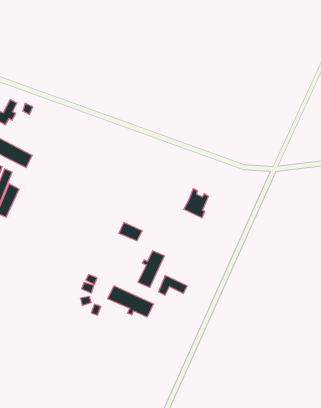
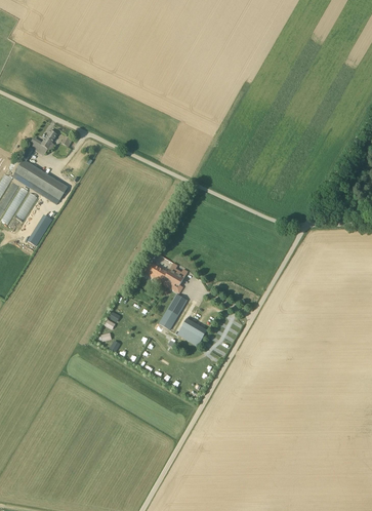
building: [184,189,208,218] -> [162,263,188,292]
building: [108,286,154,317] -> none

